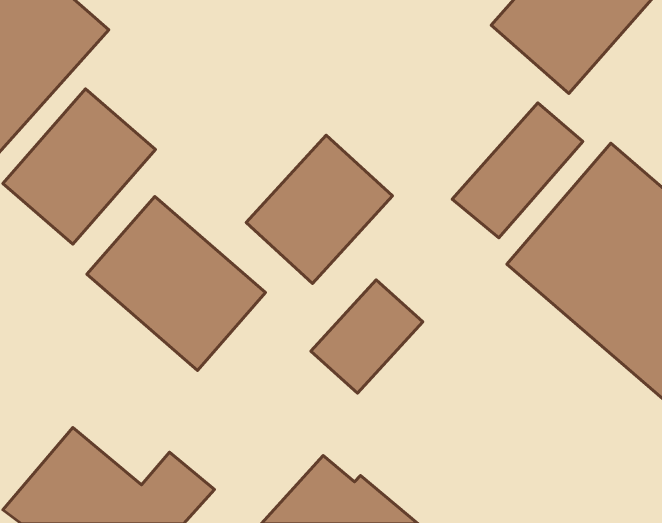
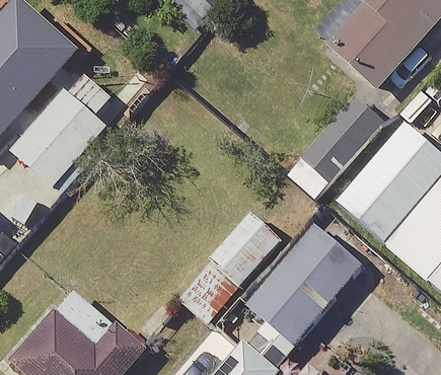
building: [246,135,393,283] -> none
building: [87,196,266,370] -> none
building: none -> [245,222,363,345]

